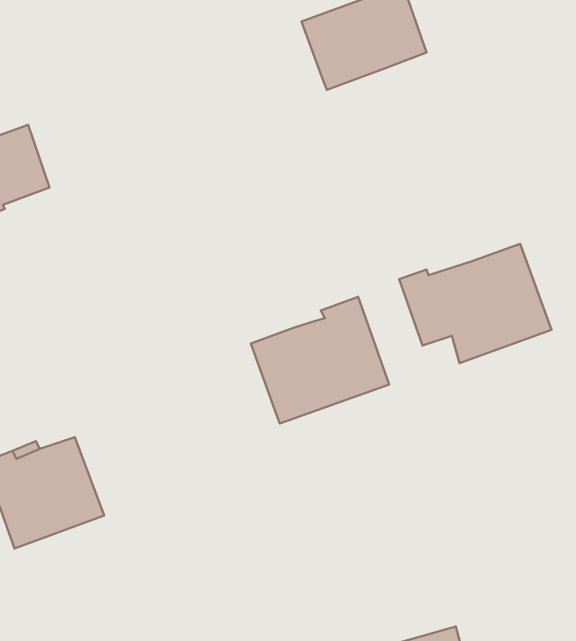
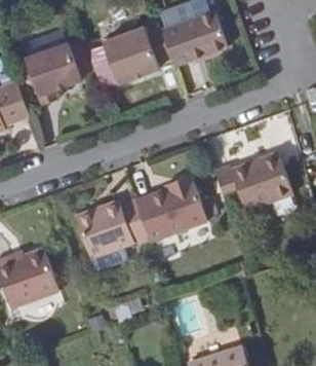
building: none -> [104,26,172,82]
building: none -> [26,42,82,105]
building: none -> [76,198,149,256]

